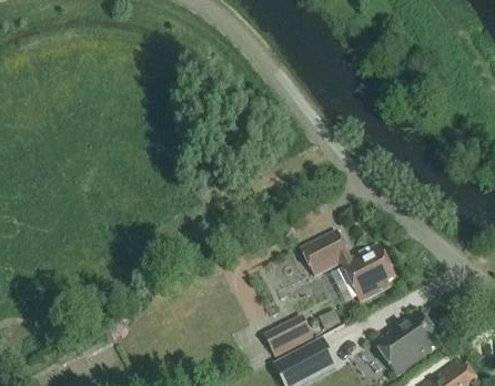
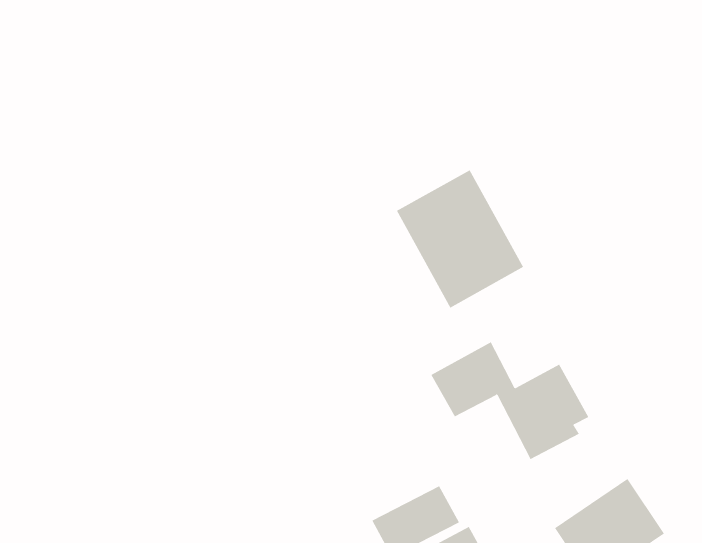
building: none -> [396,169,524,308]

